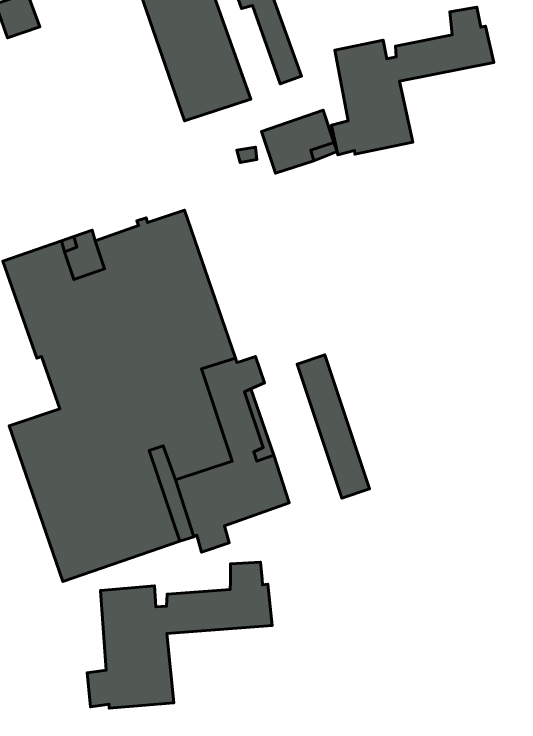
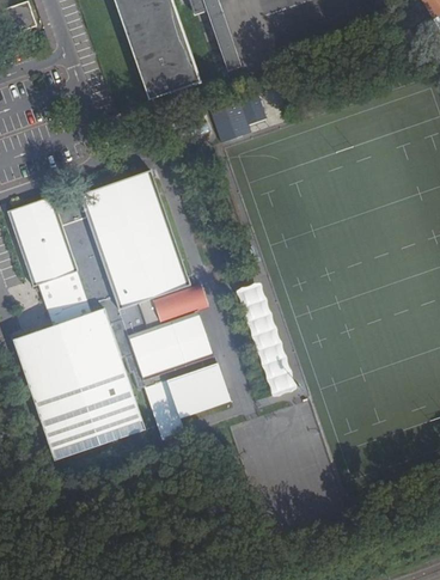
building: [331,7,494,155] -> none
building: [87,562,272,708] -> none

